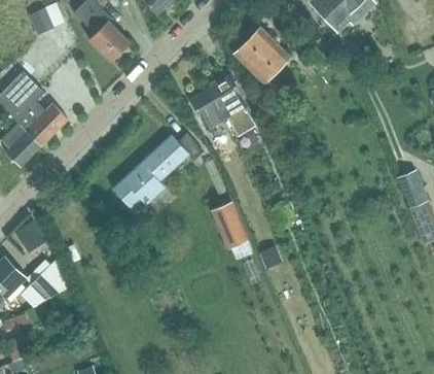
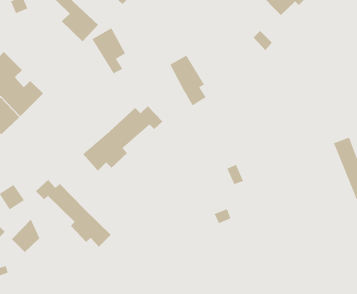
building: [234,28,289,93] -> none
building: [188,87,227,141] -> [91,26,126,74]
building: [212,201,248,247] -> none
building: none -> [35,179,112,248]

